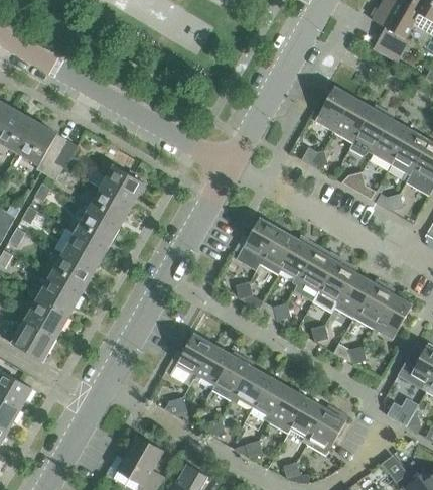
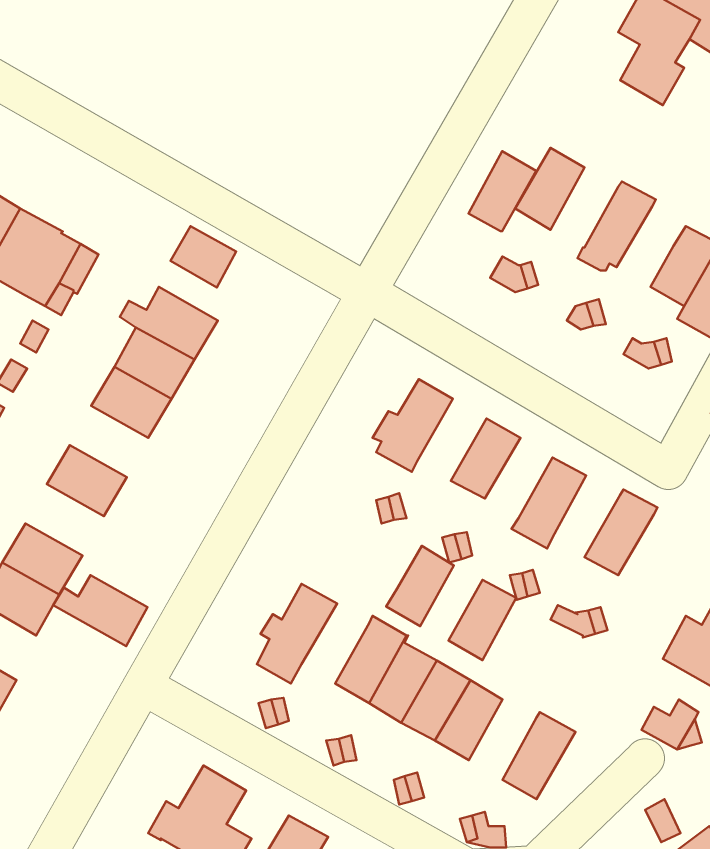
building: [334,97,373,142] -> [468,151,536,231]
building: [372,119,411,164] -> none
building: none -> [171,226,236,288]
building: [259,228,298,274] -> none
building: [62,232,107,272] -> none
building: [297,250,335,295] -> none
building: [335,271,374,318] -> none
building: [28,276,82,317] -> [53,575,148,646]
building: [373,293,412,339] -> none
building: [193,344,232,389] -> [386,546,454,626]
building: [288,398,326,444] -> [449,580,516,660]

